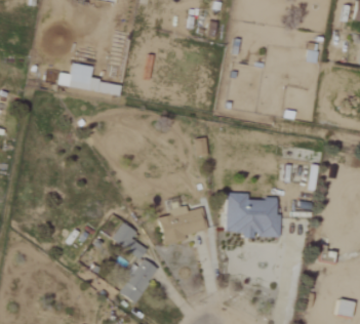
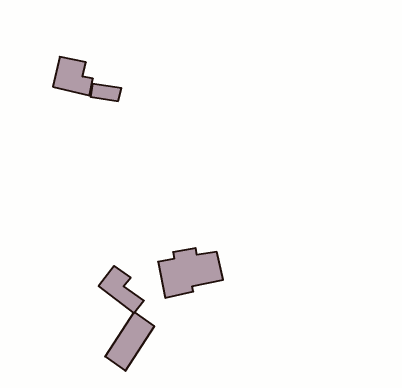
building: [227,193,281,238] -> none

